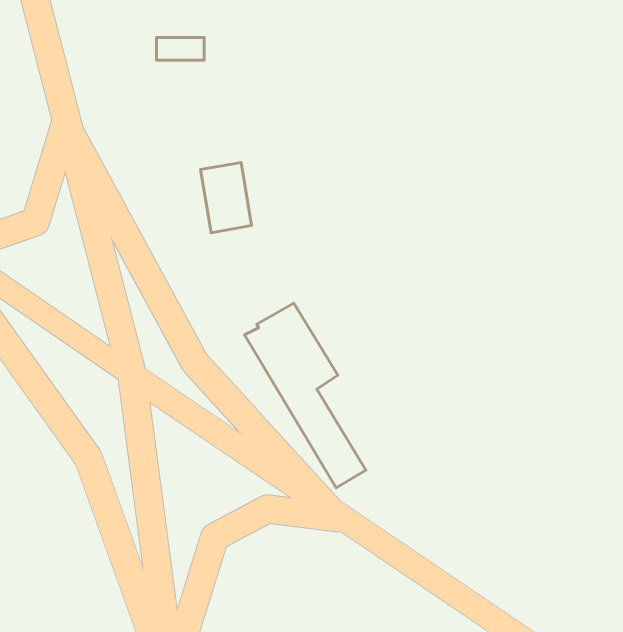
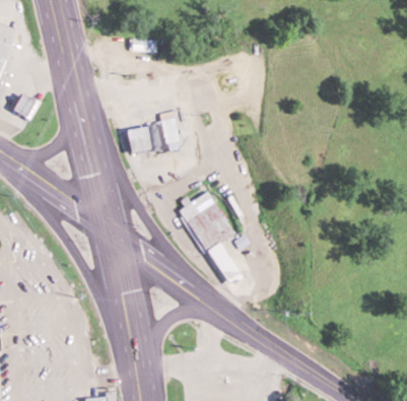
building: none -> [126,126,152,153]

